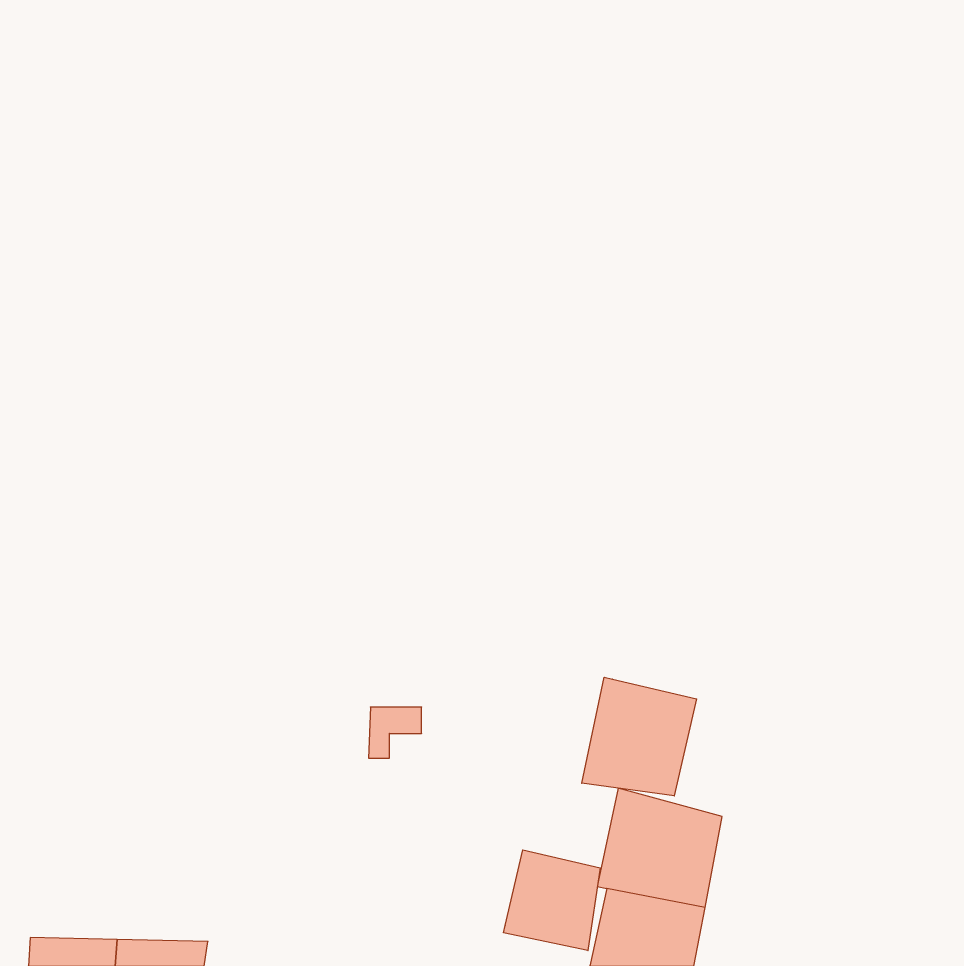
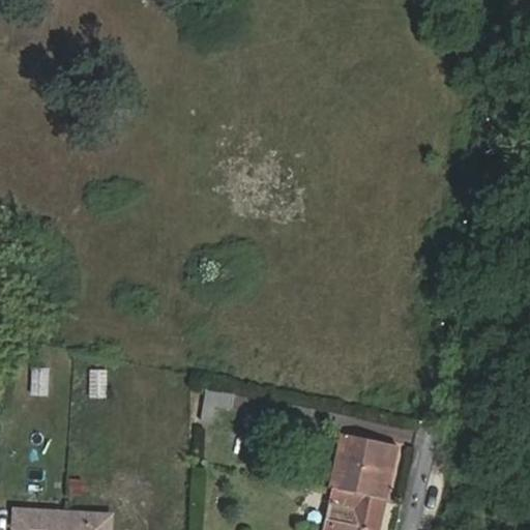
building: [582,677,697,796] -> none
building: [504,850,600,951] -> none

